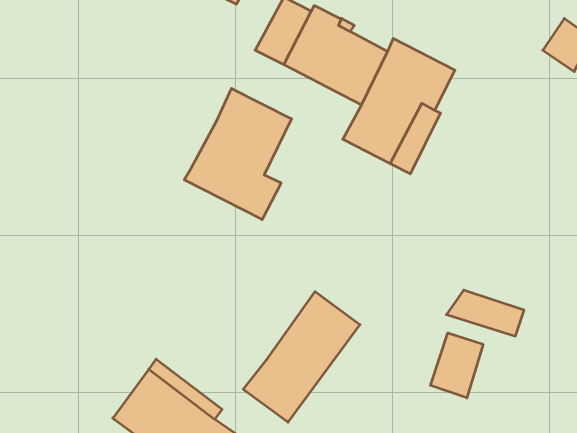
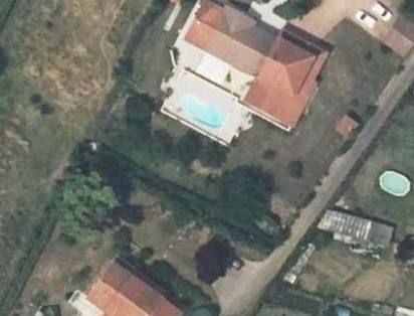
building: [184,88,292,220] -> none
building: [243,292,360,422] -> none
building: [430,333,483,398] -> none

